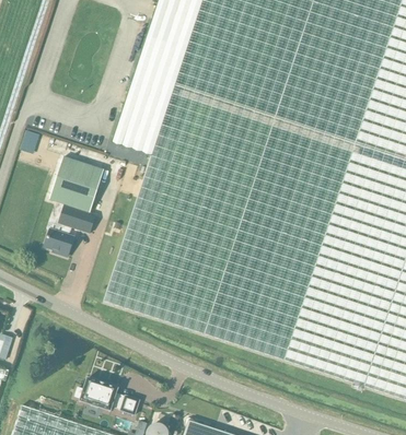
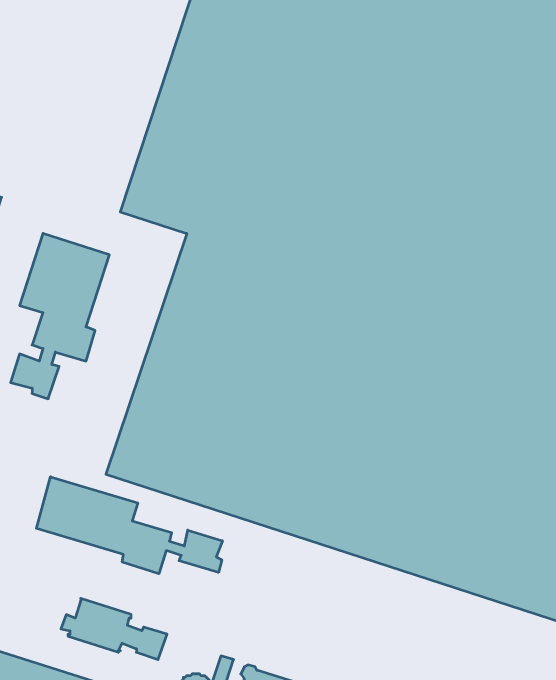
building: none -> [36,477,222,574]

